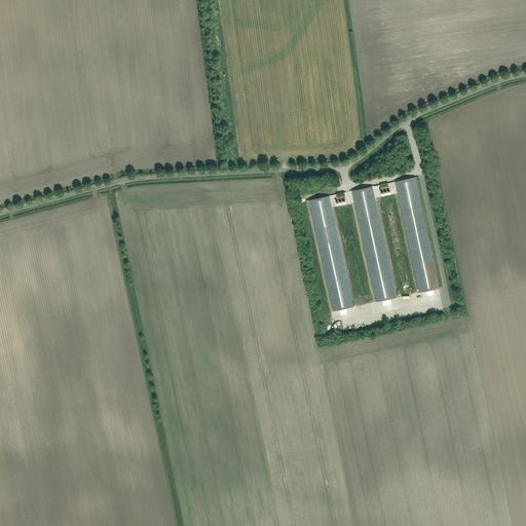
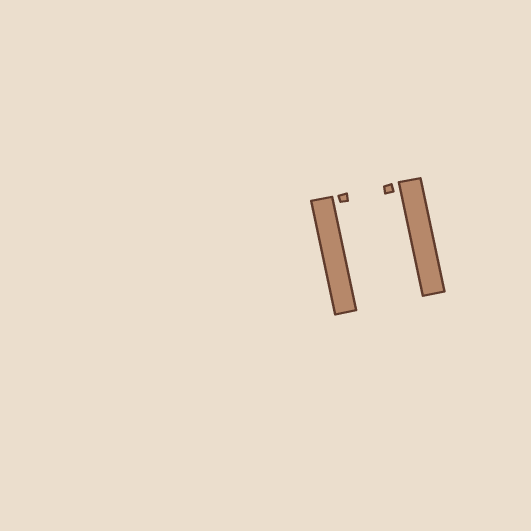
building: [351,185,396,301] -> none

